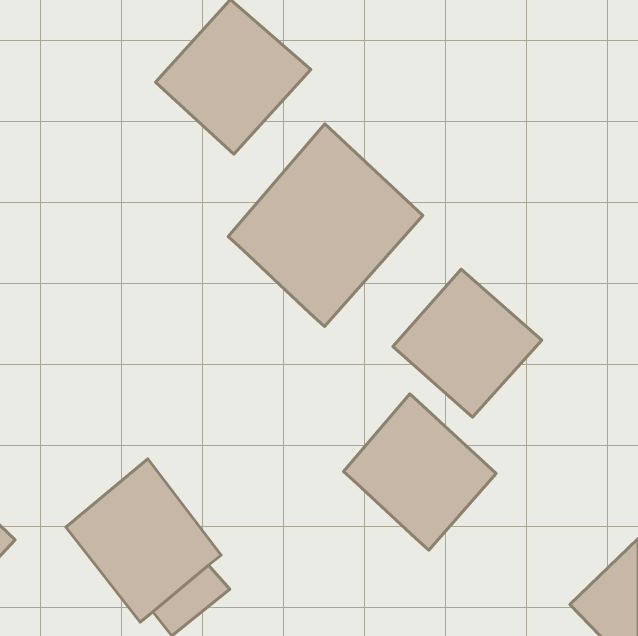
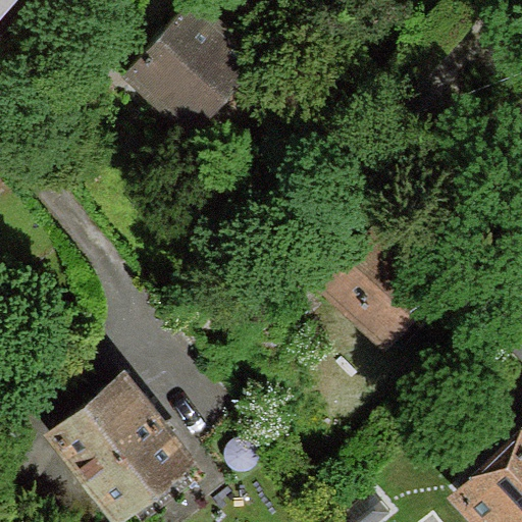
building: [228,124,423,326] -> none
building: [344,394,496,550] -> none

